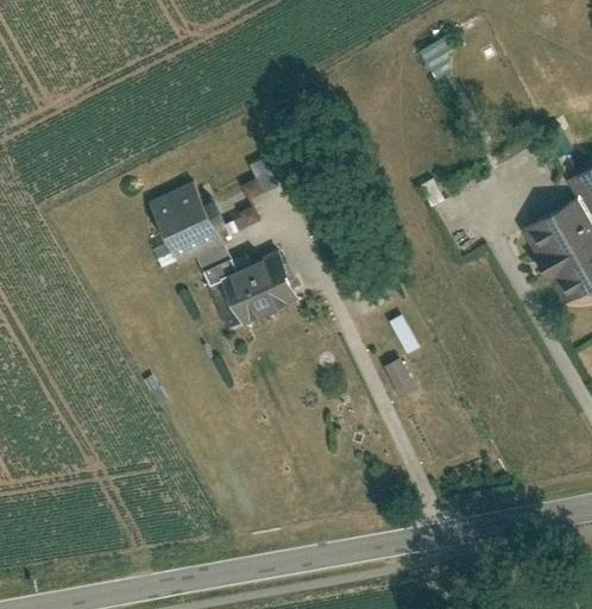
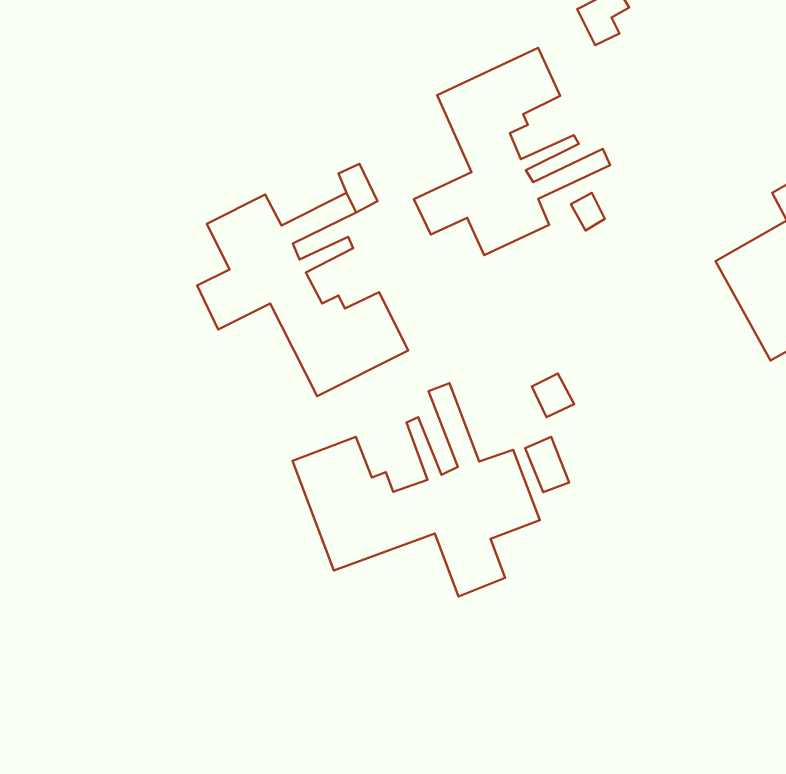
building: none -> [414,48,610,255]
building: none -> [292,383,540,596]

